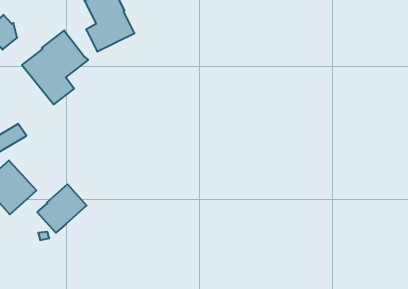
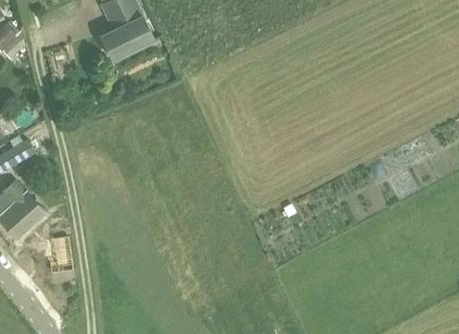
building: [22,30,88,104] -> none
building: [37,184,87,233] -> none

